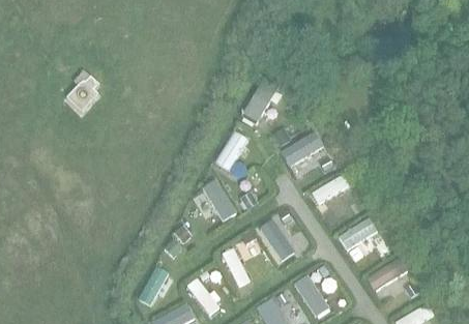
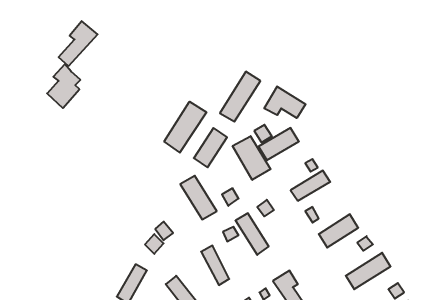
building: none -> [59,21,98,66]
building: none -> [264,86,306,118]
building: none -> [164,102,206,153]
building: none -> [233,136,271,180]

